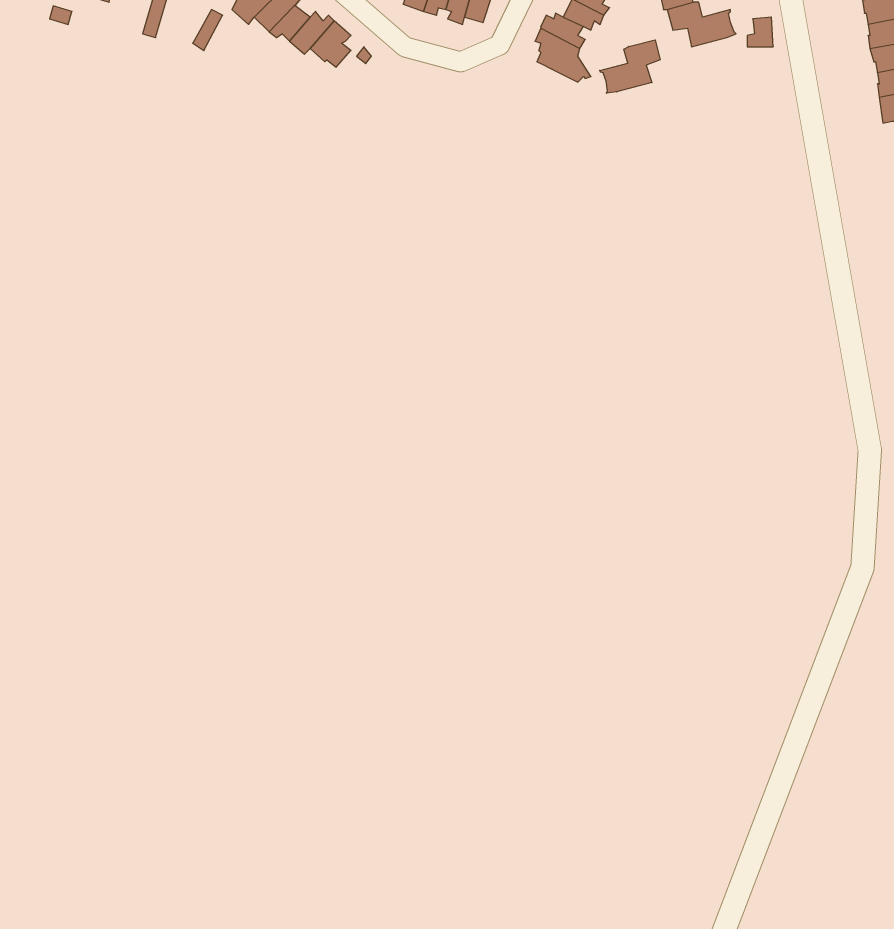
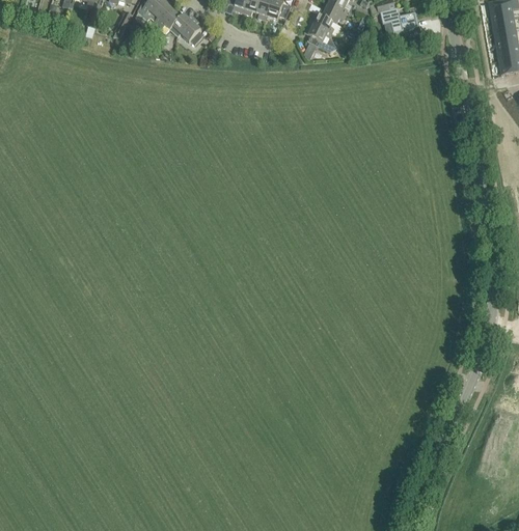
building: [600,40,660,93] -> none

